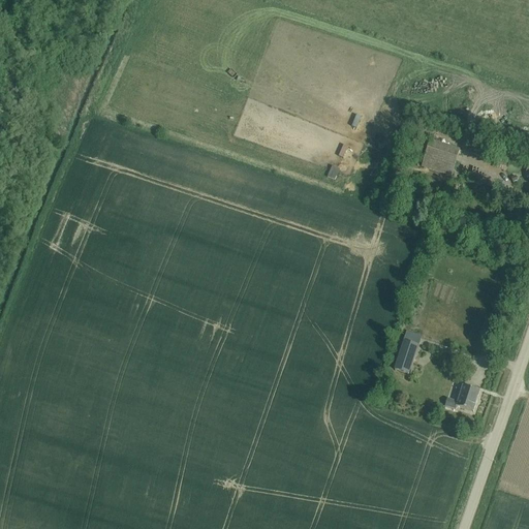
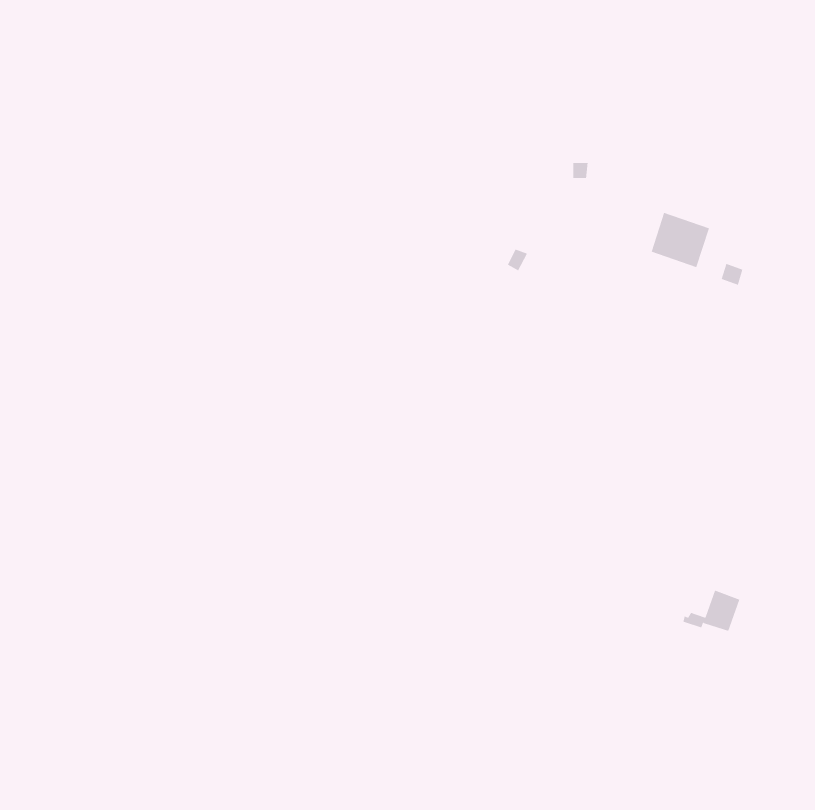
building: [395,329,422,372] -> none

